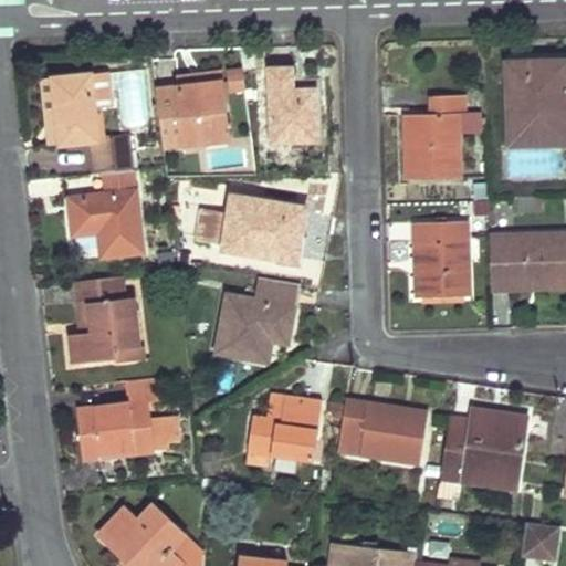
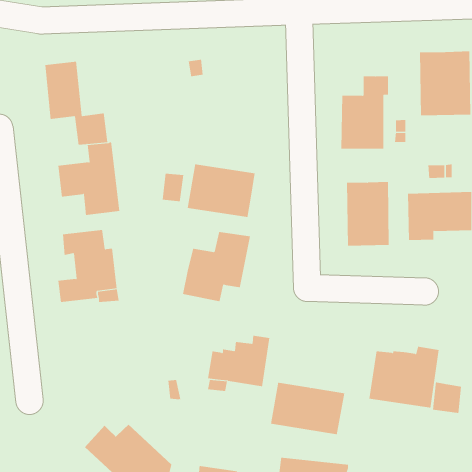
building: [269,69,316,140] -> none
building: [156,72,227,145] -> none
building: [338,400,428,463] -> [270,382,345,435]
building: [77,401,155,462] -> none
building: [523,522,558,559] -> [432,382,462,413]

